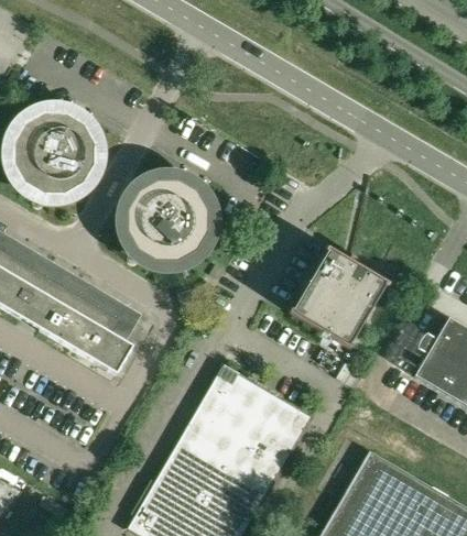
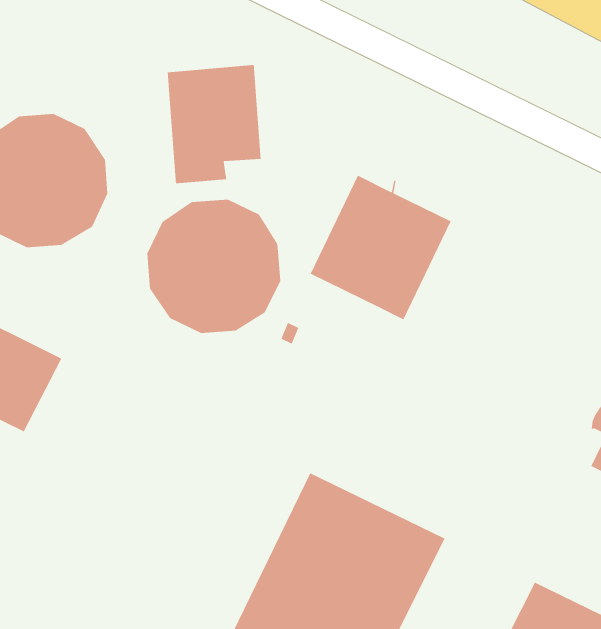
building: none -> [167,64,261,184]
building: [289,247,388,348] -> [310,175,451,320]
building: [29,275,131,374] -> none

